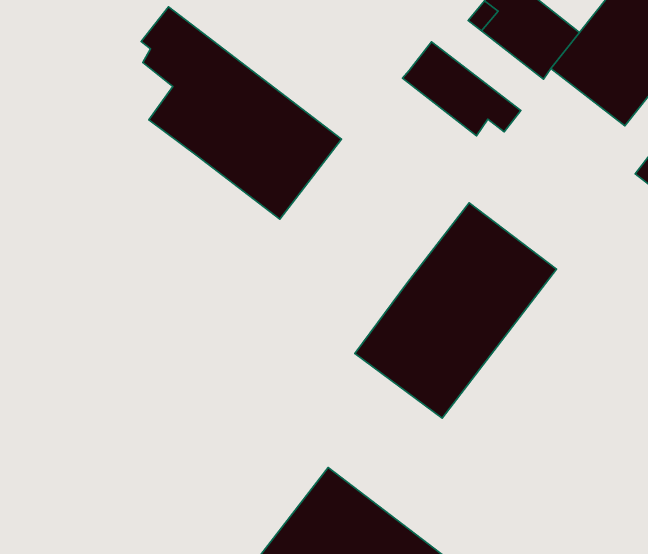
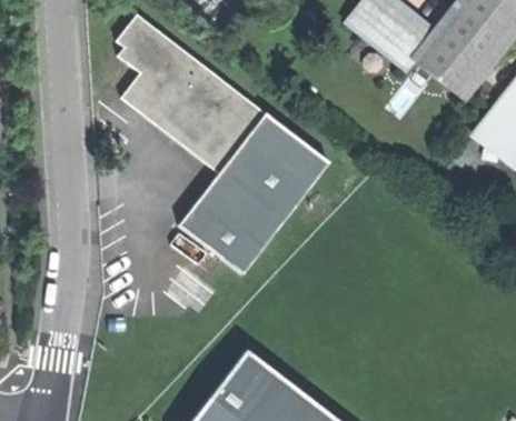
building: [403,42,521,136] -> none
building: [355,203,557,418] -> [176,111,325,270]

